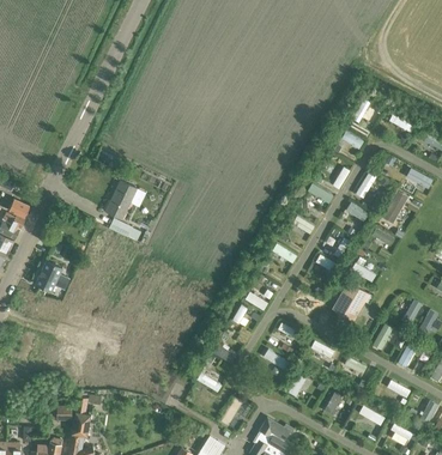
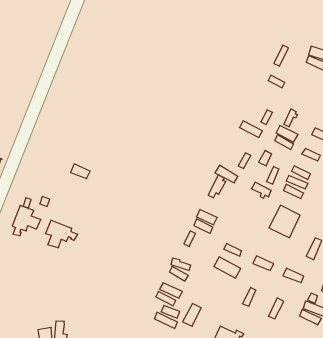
building: [104,182,135,222] -> none
building: none -> [46,220,78,248]

